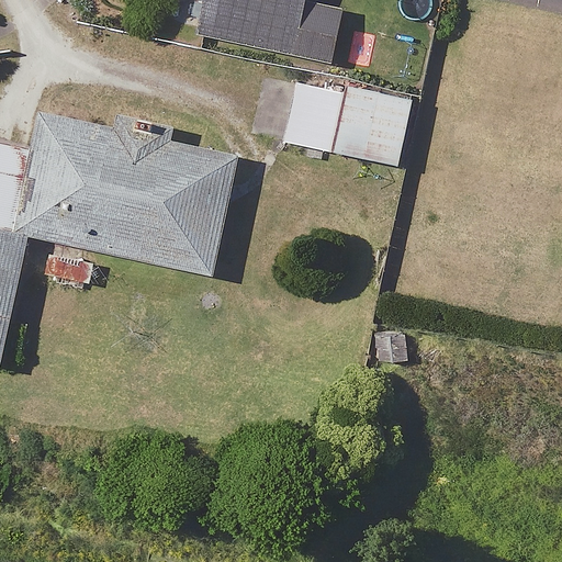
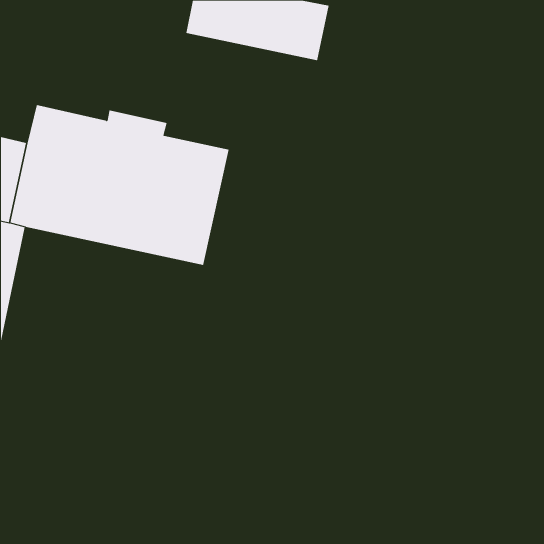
building: [281,74,412,165] -> none

